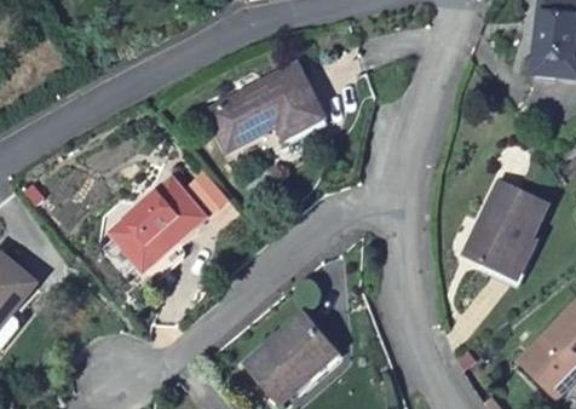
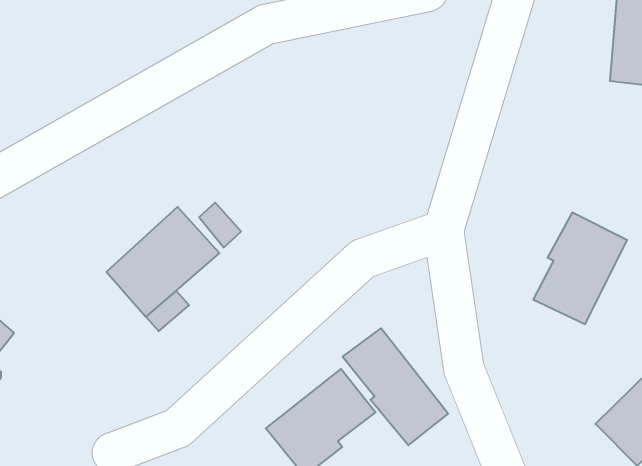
building: [208,63,326,146] -> none
building: none -> [343,328,448,445]

